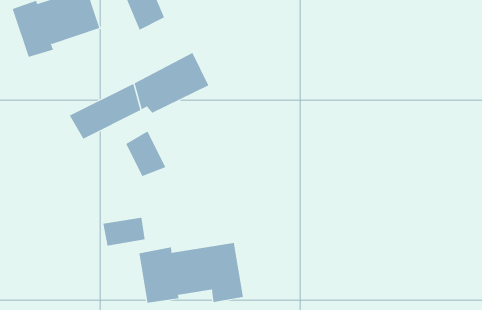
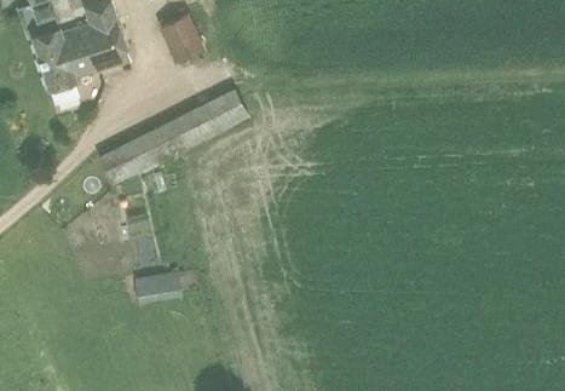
building: [126,130,166,177] -> none
building: [139,242,243,304] -> none

